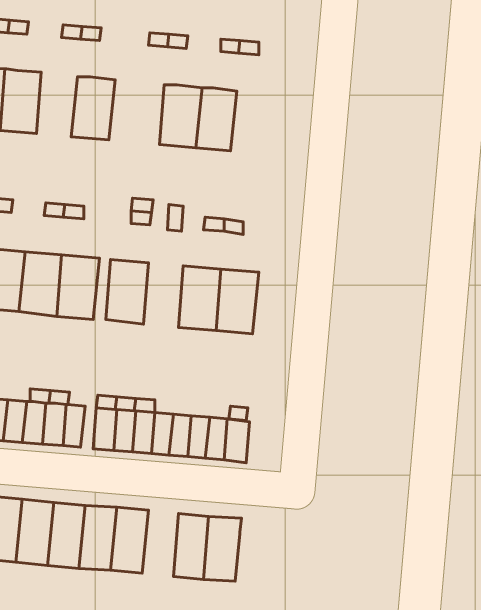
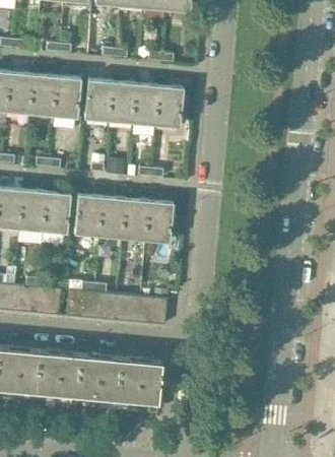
building: none -> [31,75,58,117]
building: none -> [86,80,114,122]
building: none -> [156,87,185,129]
building: none -> [100,198,126,240]
building: none -> [99,357,123,400]

